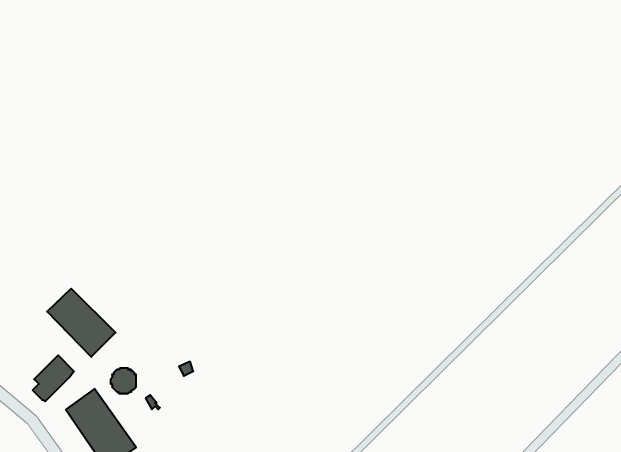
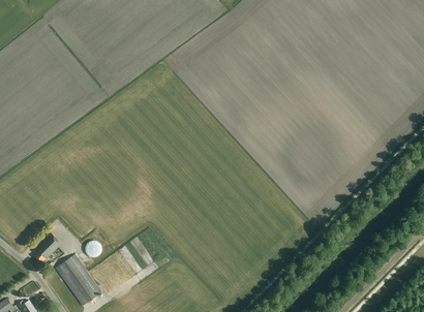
building: [47,289,116,357] -> none

